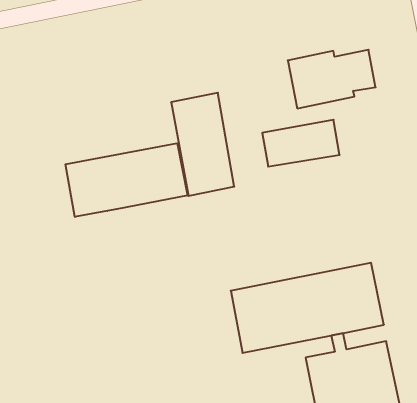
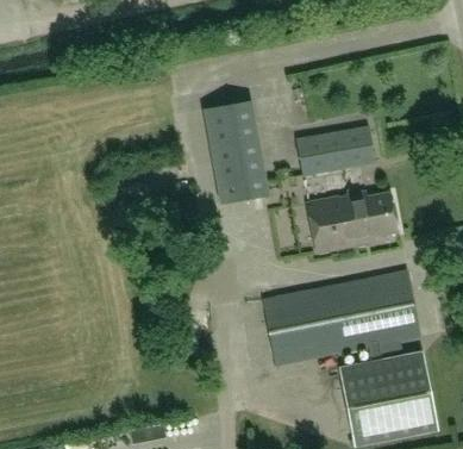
building: [288,50,376,108] -> [306,192,395,251]
building: [65,143,187,217] -> none

